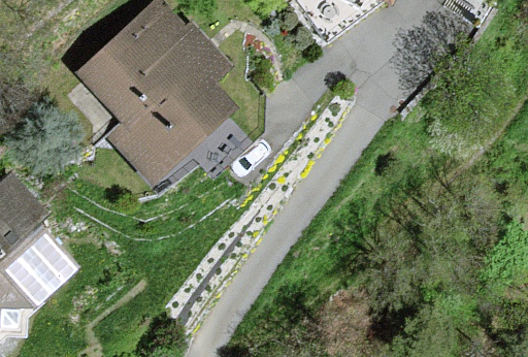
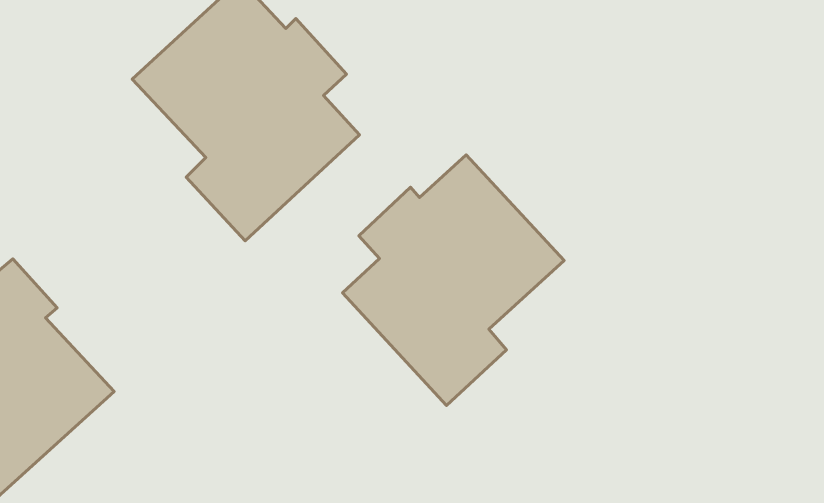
building: none -> [343,155,564,405]

